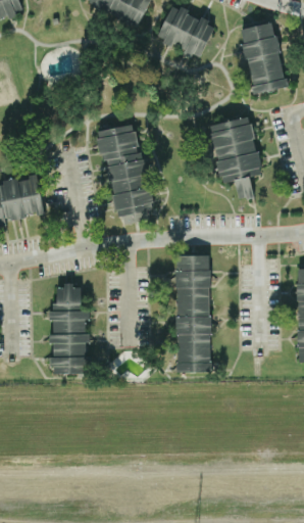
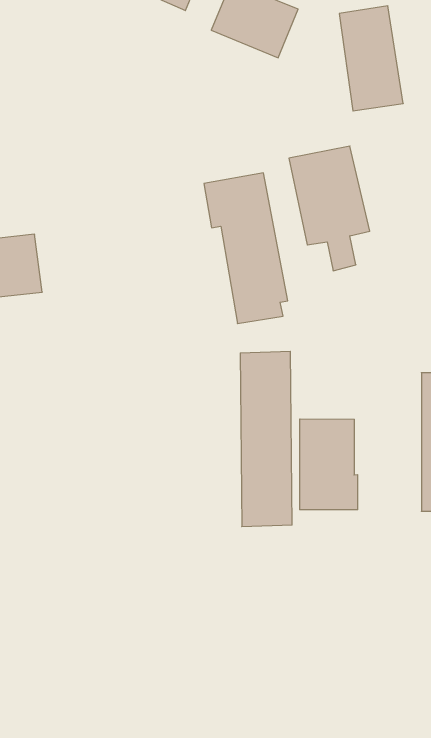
building: [96,124,152,225] -> [204,173,288,324]
building: [49,285,89,374] -> none
building: none -> [300,419,358,510]

